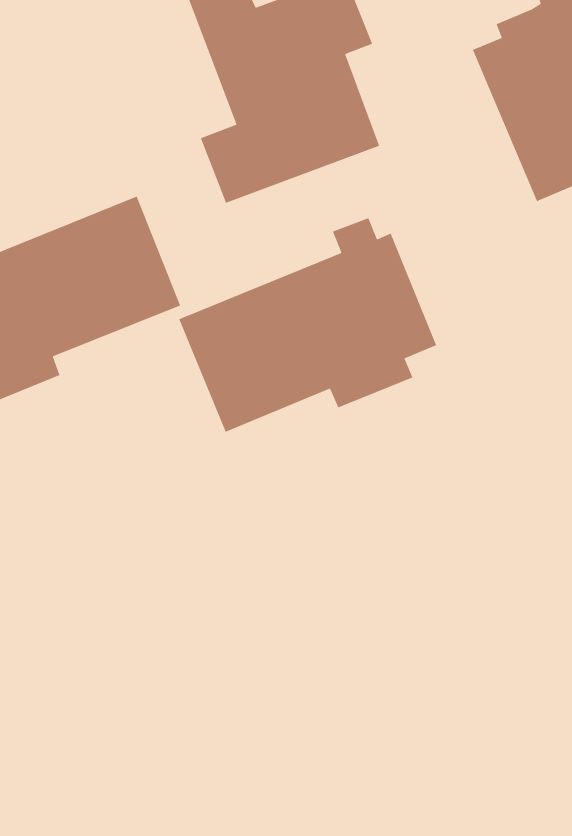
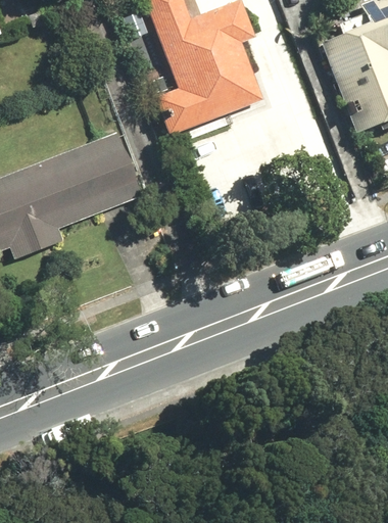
building: [178,217,437,433] -> none

